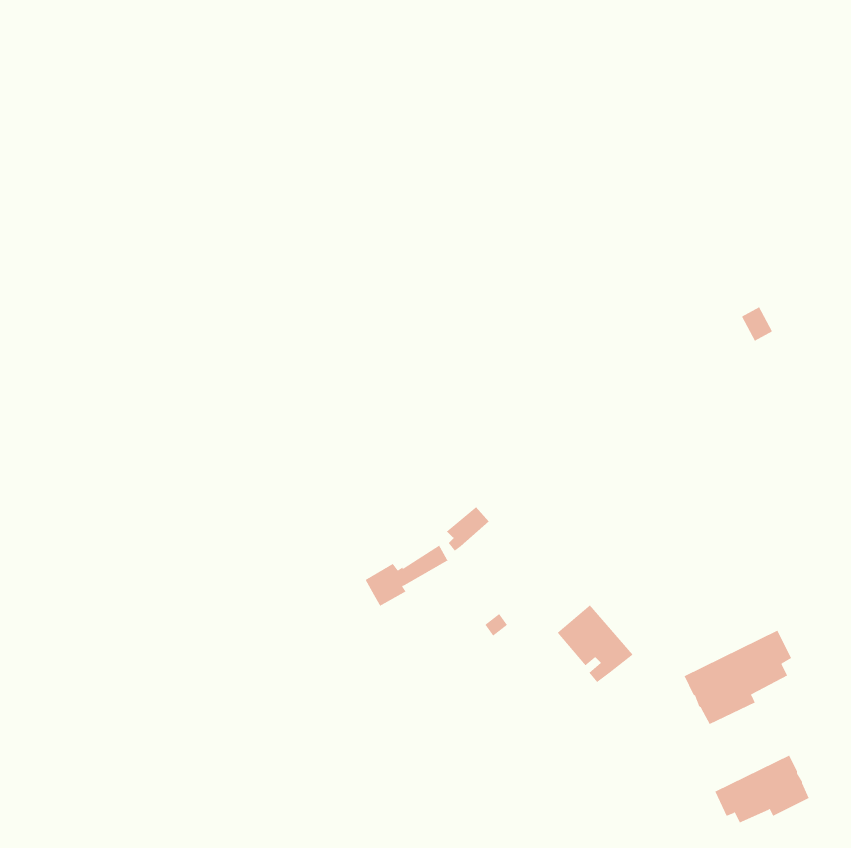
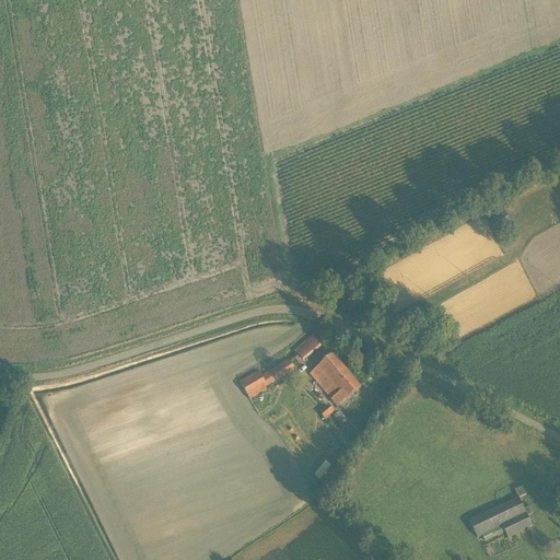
building: [557,605,633,683] -> [311,353,361,405]
building: [684,630,792,725] -> none

